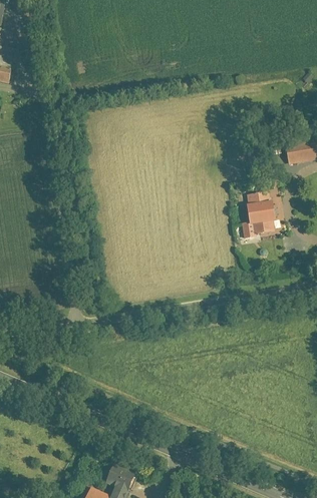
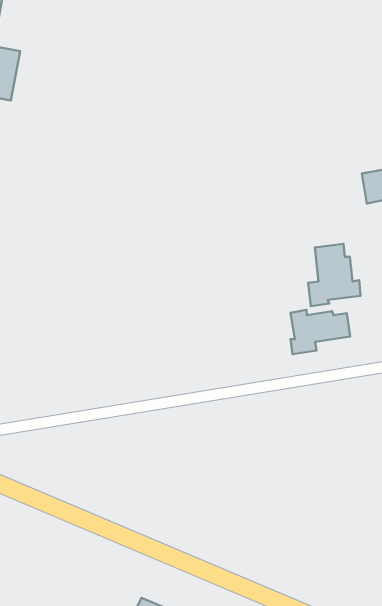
building: none -> [291,310,350,354]

